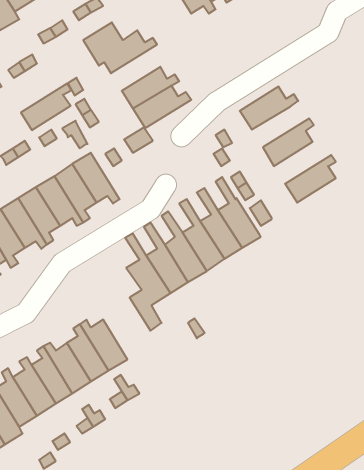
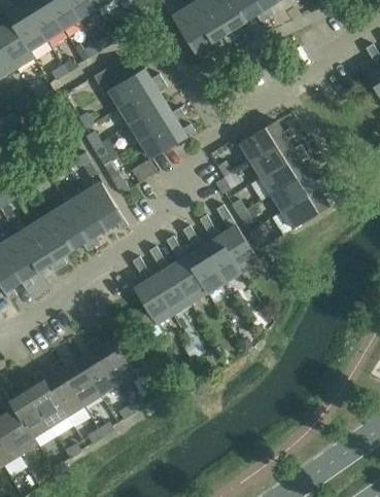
building: [21,84,72,130] -> [119,81,167,125]
building: none -> [251,139,305,177]
building: none -> [272,172,325,211]

